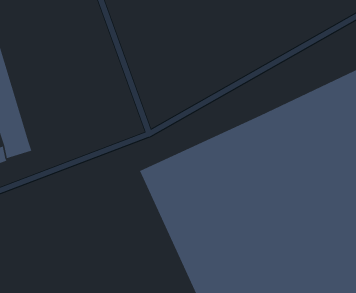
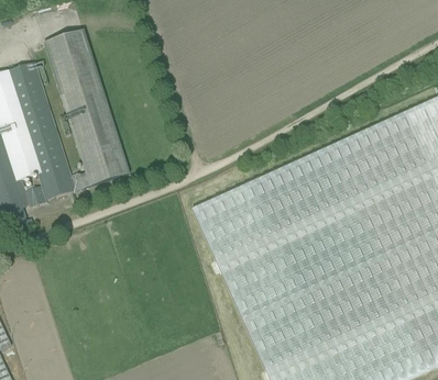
building: none -> [43,29,127,189]

